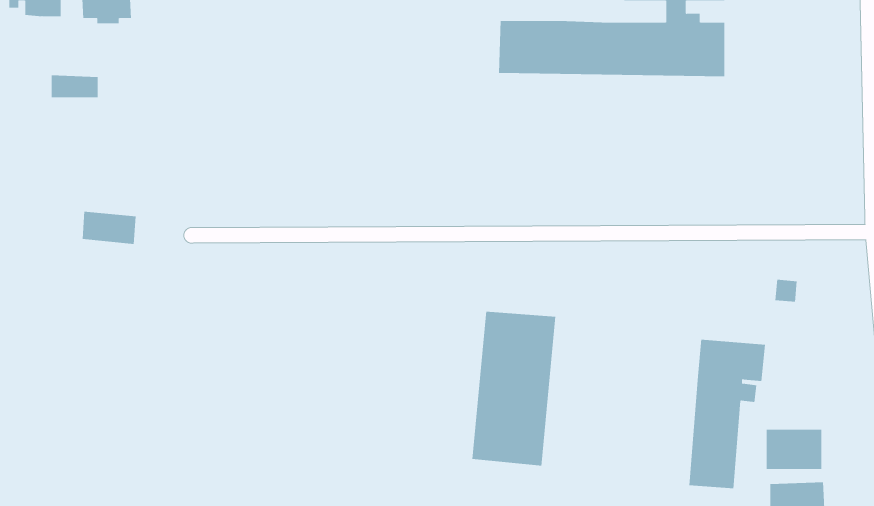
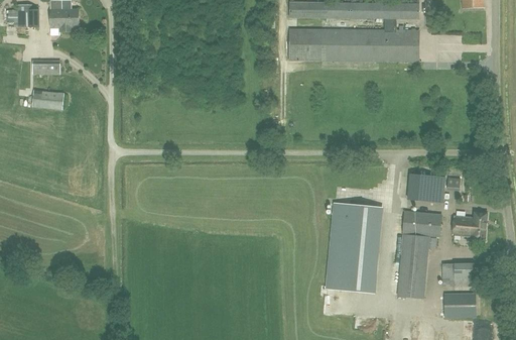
building: [82,211,136,245] -> [32,90,63,109]
building: none -> [407,173,444,202]
building: [472,311,556,466] -> [327,203,375,292]
building: none -> [452,211,487,239]

